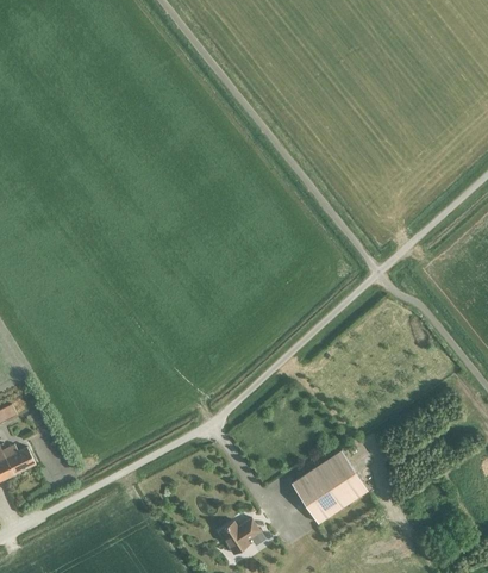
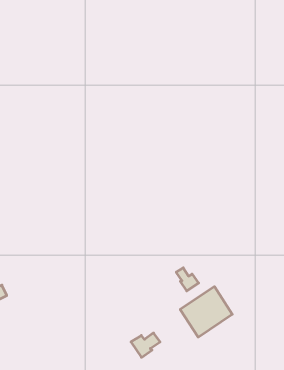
building: none -> [176,268,199,291]

